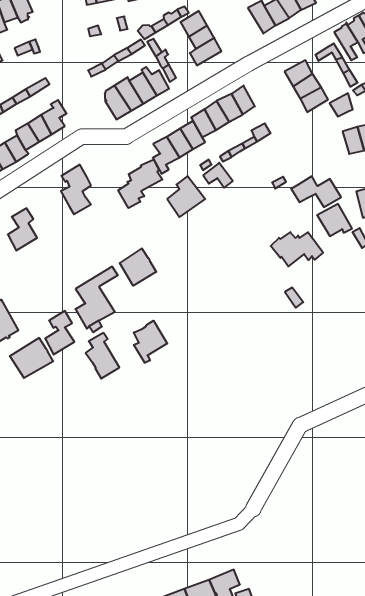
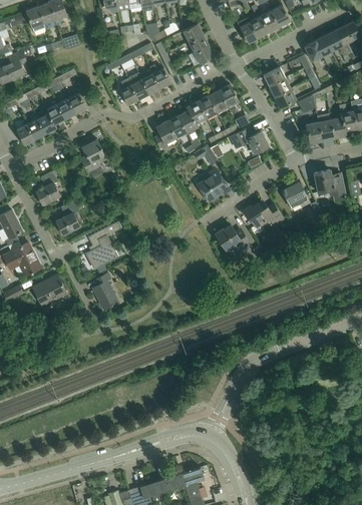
building: [118,159,162,208] -> none
building: [167,176,205,217] -> [199,169,229,201]
building: [291,176,341,207] -> [229,128,268,153]
building: [120,248,156,286] -> none
building: none -> [215,225,249,250]
building: [45,311,74,355] -> [56,200,79,234]
building: [134,321,167,363] -> none

